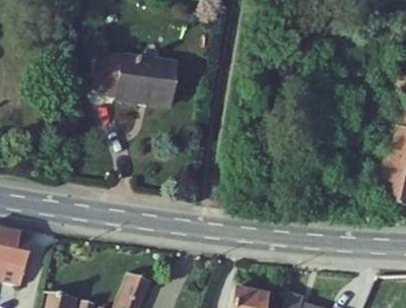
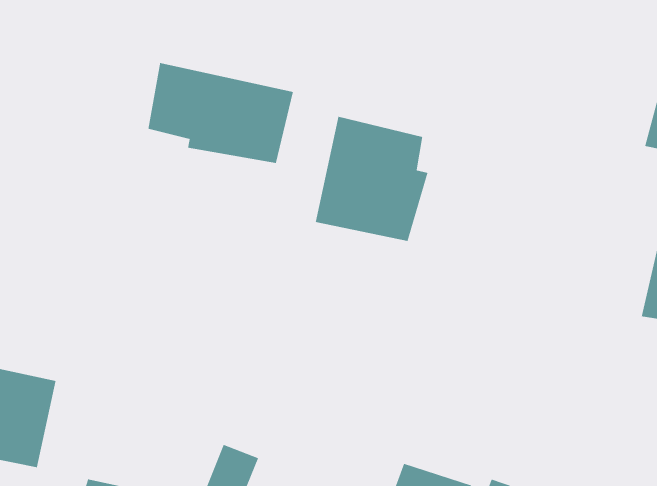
building: none -> [315,116,429,242]

